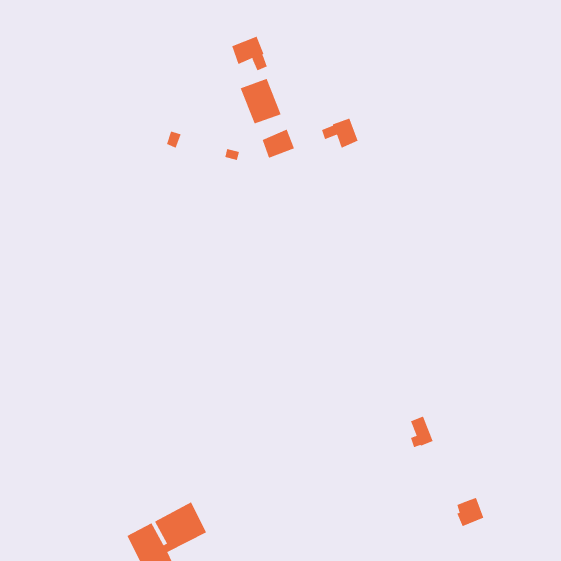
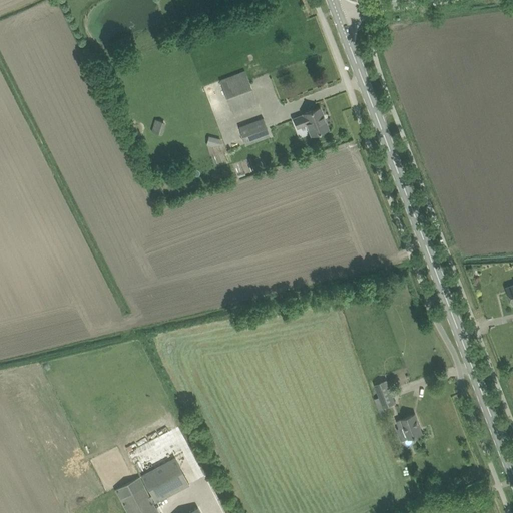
building: [232,36,268,71] -> none
building: [457,497,484,527] -> [396,415,421,442]

